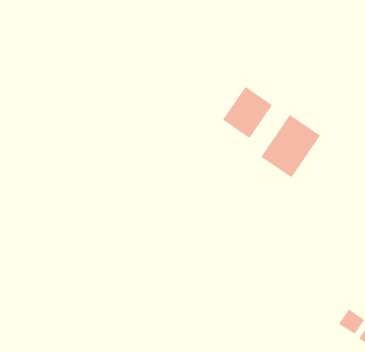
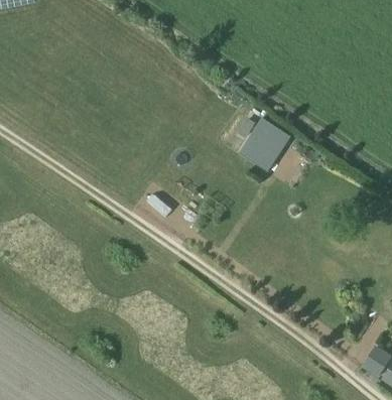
building: [261,114,321,178] -> none

